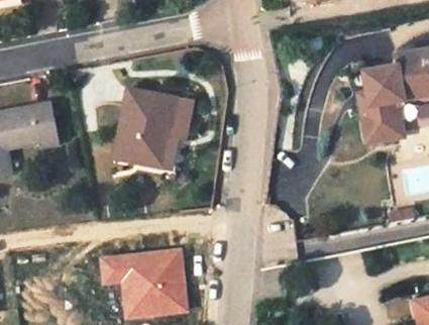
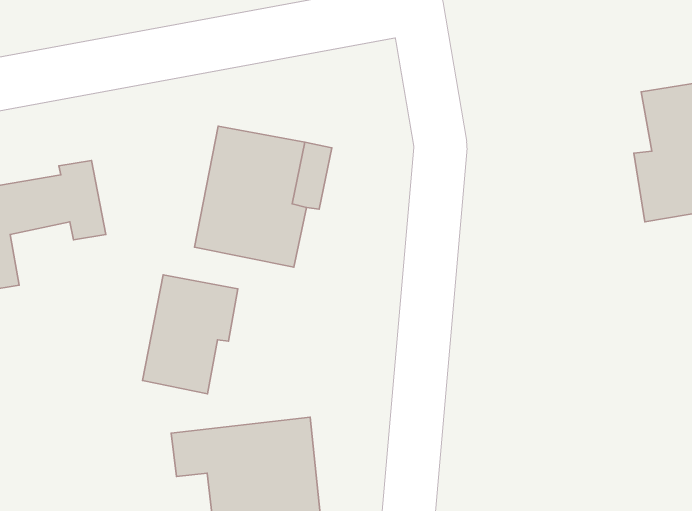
building: none -> [142,275,238,394]

